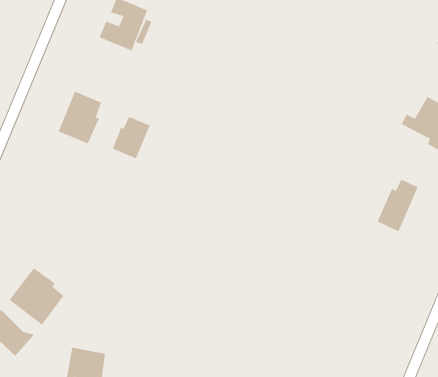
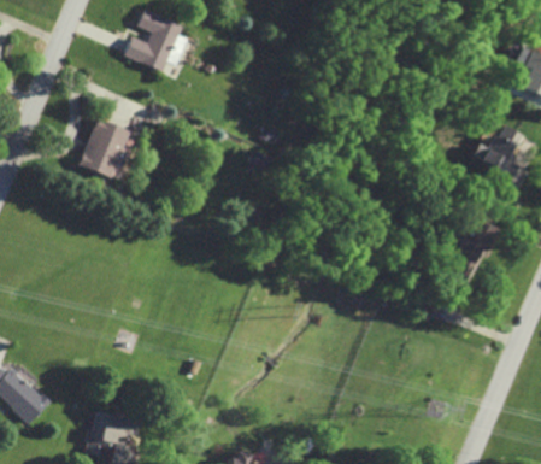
building: [112,116,151,159] -> none
building: [9,267,64,325] -> none

